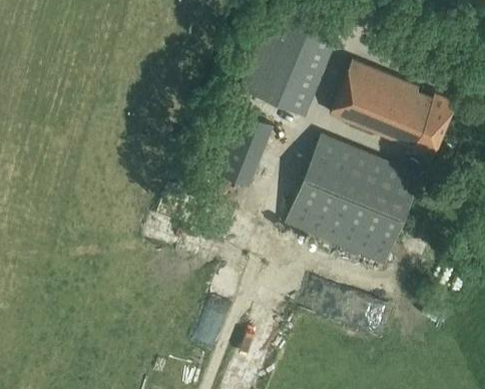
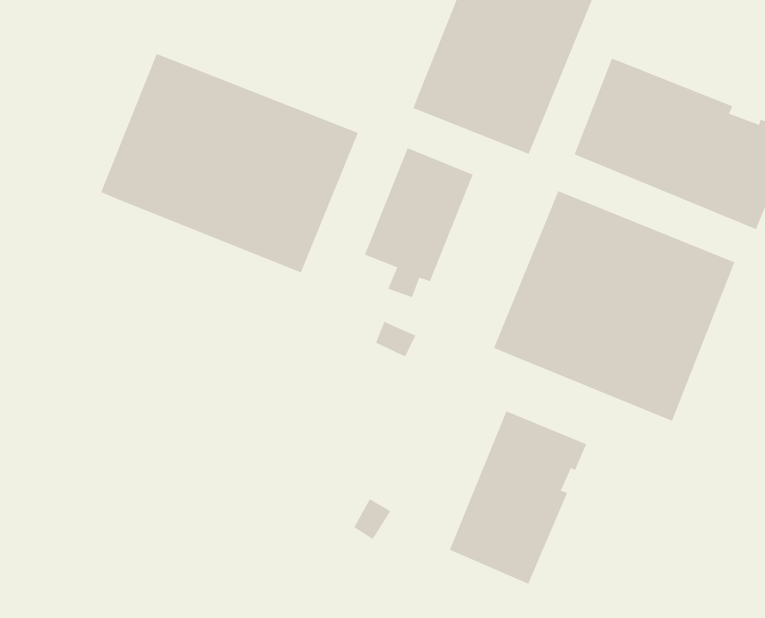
building: none -> [100,53,359,273]
building: none -> [449,411,587,585]

